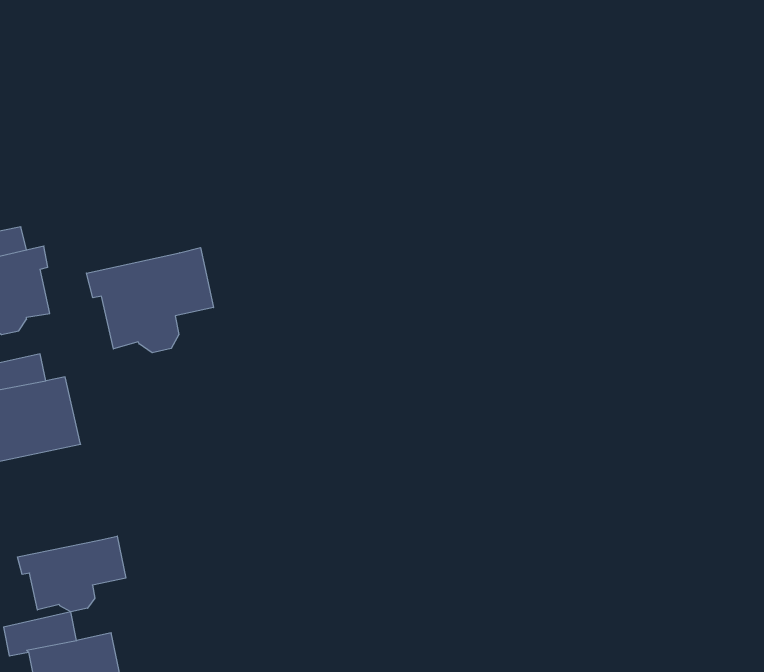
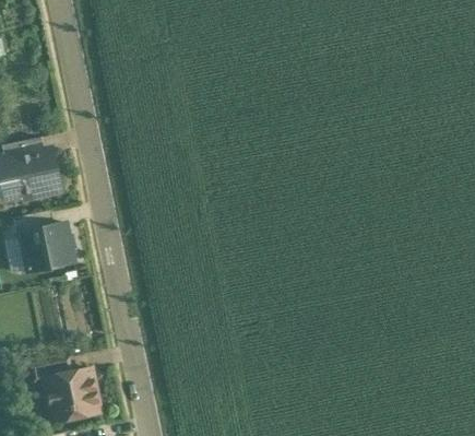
building: [86,248,213,353] -> none
building: [18,536,126,612] -> none

